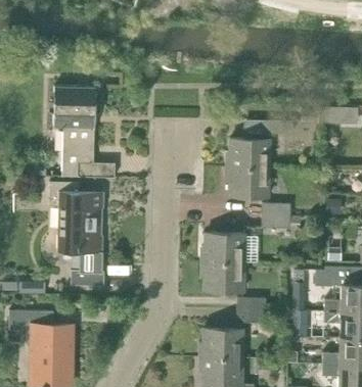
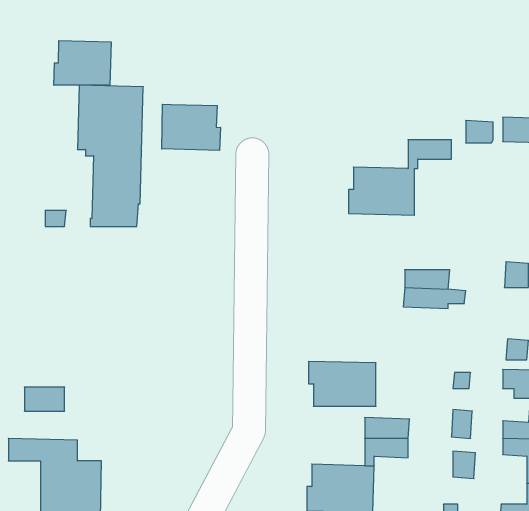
building: none -> [54,41,111,85]
building: none -> [162,104,220,150]
building: [226,168,269,197] -> none
building: [50,185,104,287] -> none
building: [201,234,258,263] -> none

